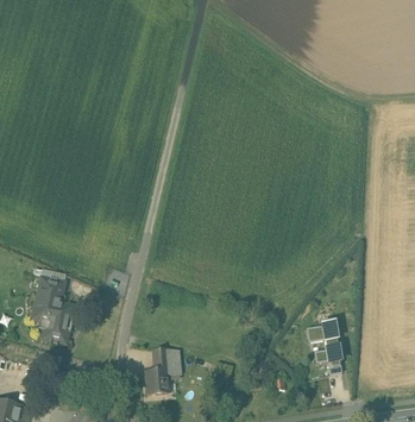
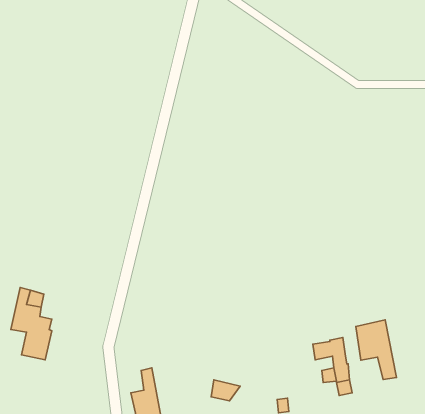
building: none -> [356,320,397,379]
building: [161,346,182,379] -> none

